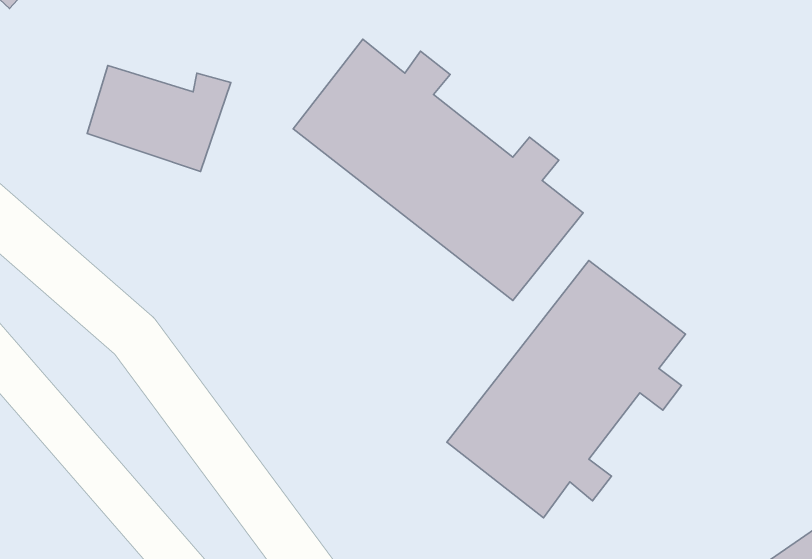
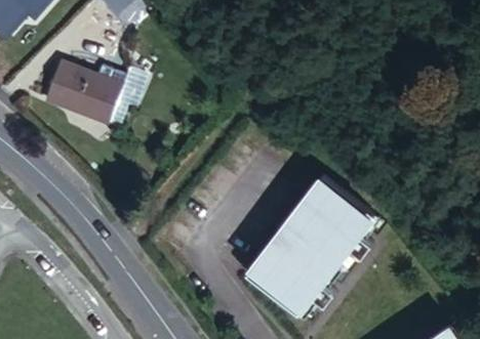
building: [293,39,583,300] -> none

